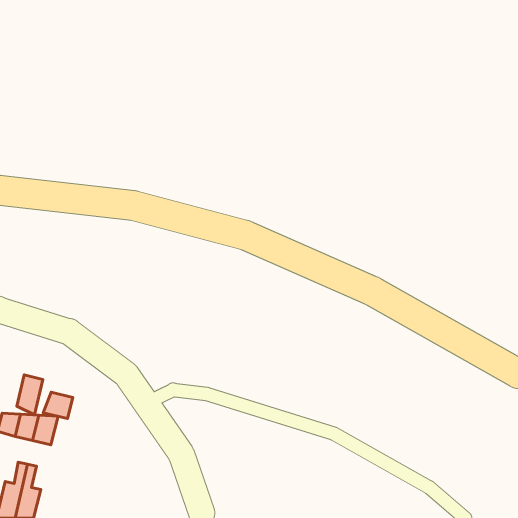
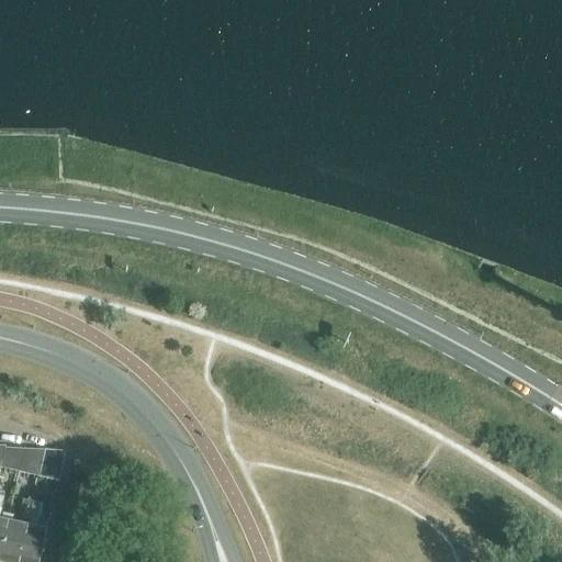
building: [17,375,43,415] -> none
building: [43,392,73,418] -> none

